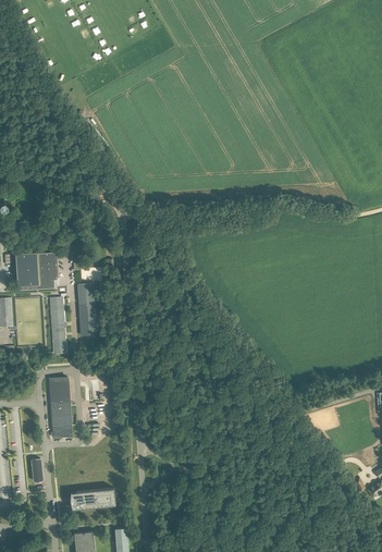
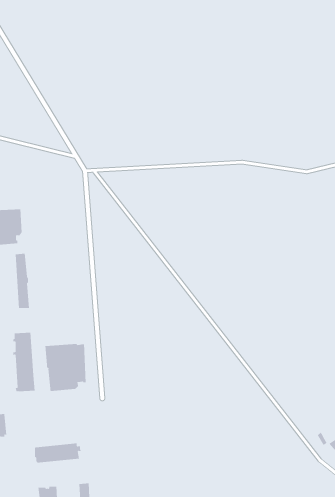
building: [77,283,96,334] -> none
building: none -> [45,343,86,392]

